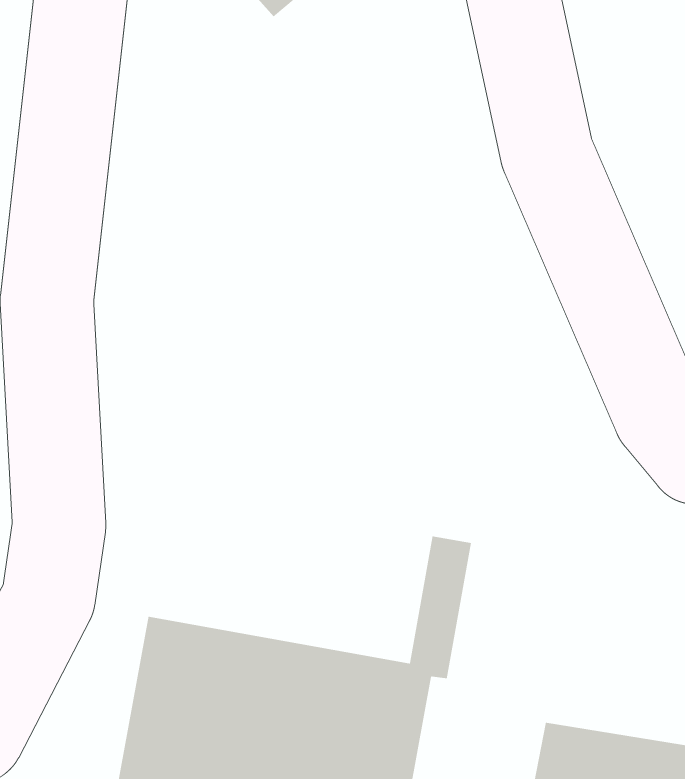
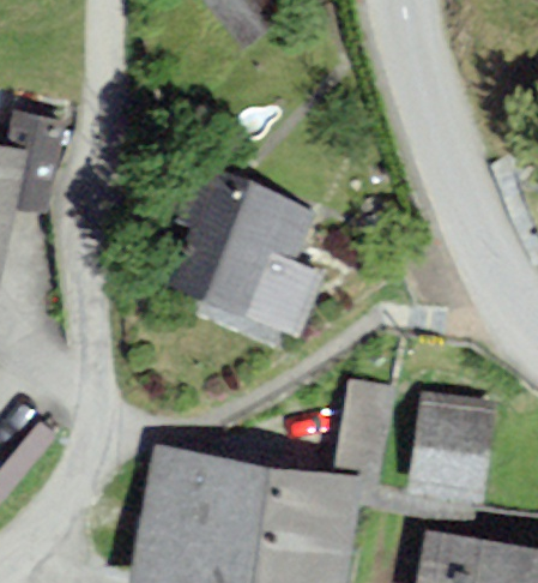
building: none -> [177,176,308,318]
building: none -> [411,401,482,493]

